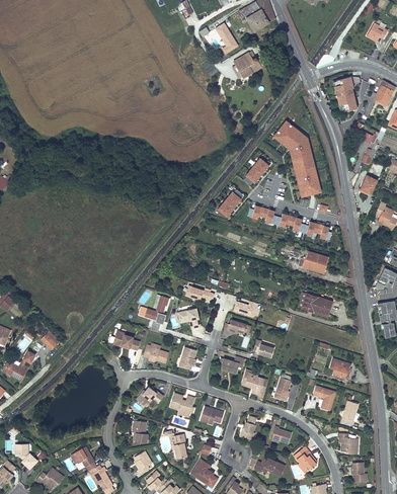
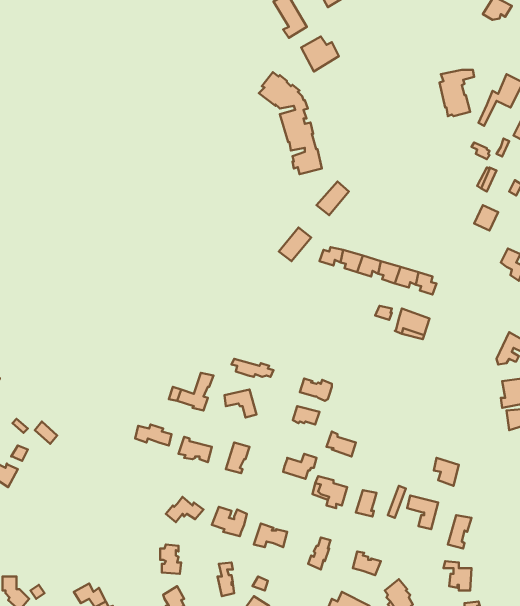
building: [274,121,320,195] -> [259,72,322,174]
building: [298,292,332,315] -> none

